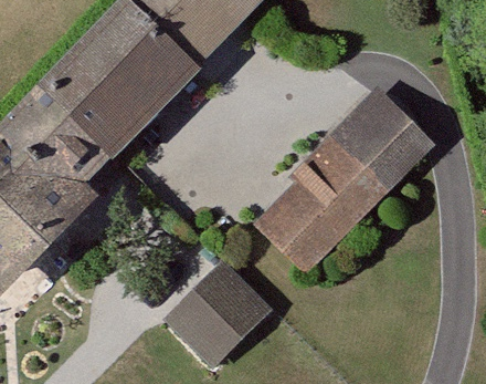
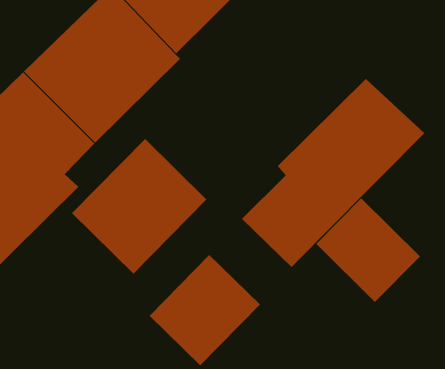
building: none -> [71,138,207,274]
building: none -> [315,198,421,303]

